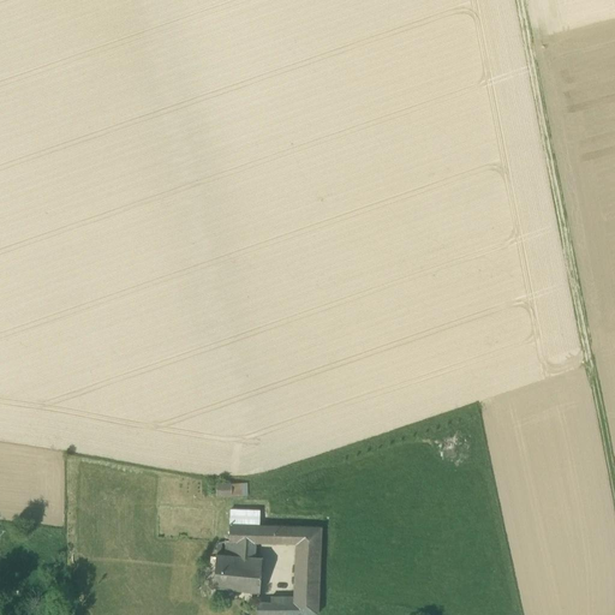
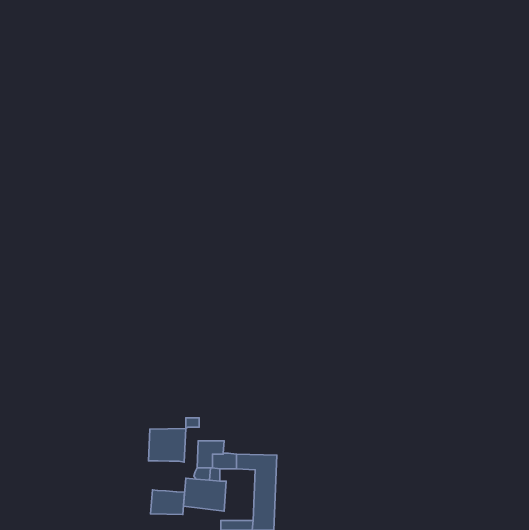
building: none -> [149,428,186,462]
building: none -> [151,490,185,515]

